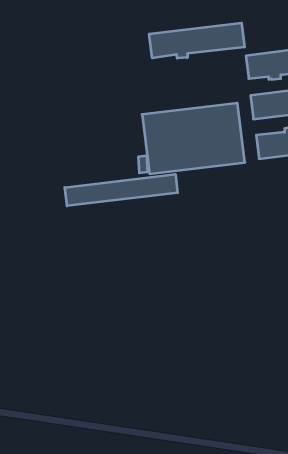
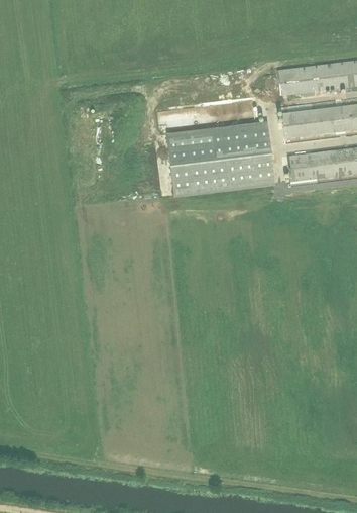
building: [149,23,245,58] -> none
building: [65,174,178,206] -> none

